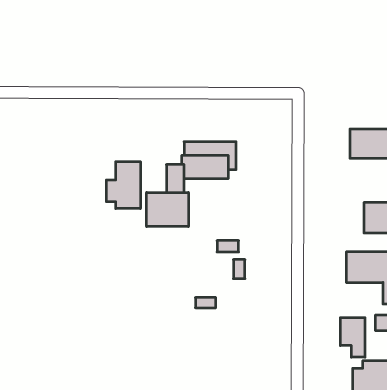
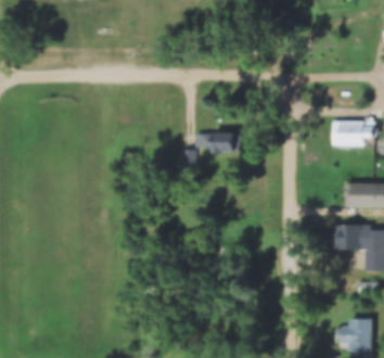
building: [106,162,140,209] -> none
building: [147,192,188,227] -> none
building: [340,318,365,357] -> none

